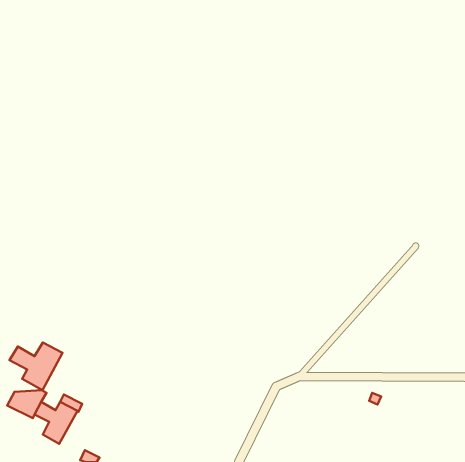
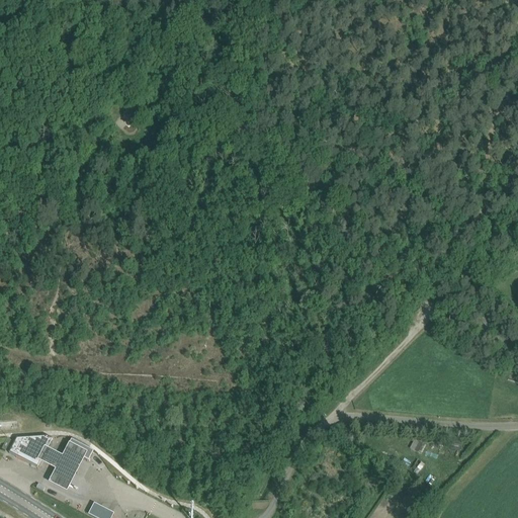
building: [10,342,62,390] -> none

